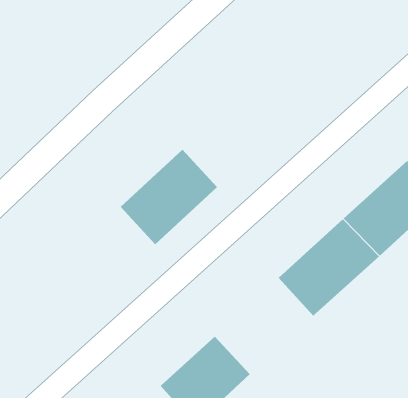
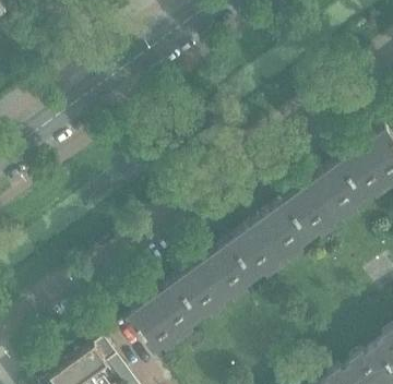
building: [120,149,218,245] -> [176,243,253,315]

